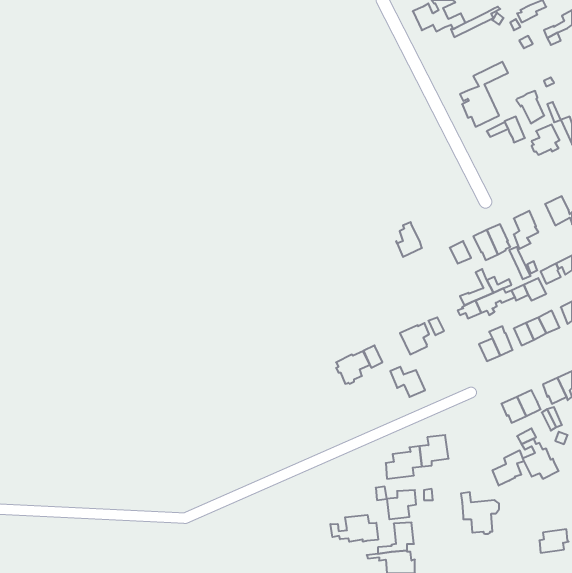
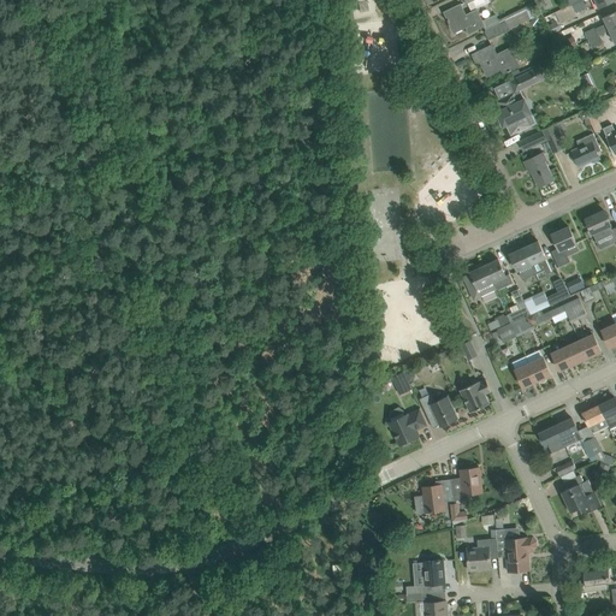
building: none -> [472,45,519,77]
building: [516,91,544,123] -> [522,153,552,188]
building: [396,222,422,257] -> [466,262,493,300]
building: [400,323,429,354] -> [458,379,490,413]
building: [336,351,370,384] -> [389,410,425,445]
building: [493,450,524,486] -> none
building: [387,490,416,519] -> [466,539,497,570]
building: [330,515,378,542] -> none

